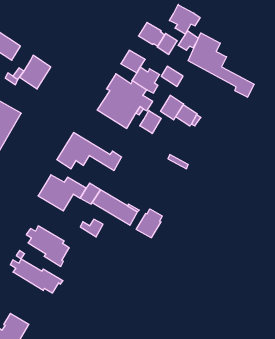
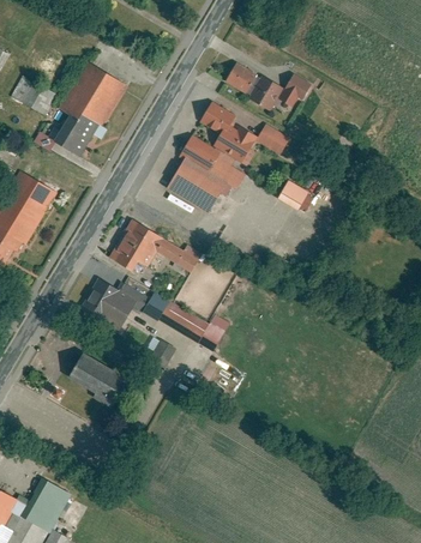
building: [169,4,200,34] -> none
building: none -> [56,61,125,126]
building: [188,33,254,97] -> none
building: [161,95,184,120] -> none
building: [140,110,161,134] -> none
building: [136,209,162,238] -> none
building: [10,259,63,293] -> none

